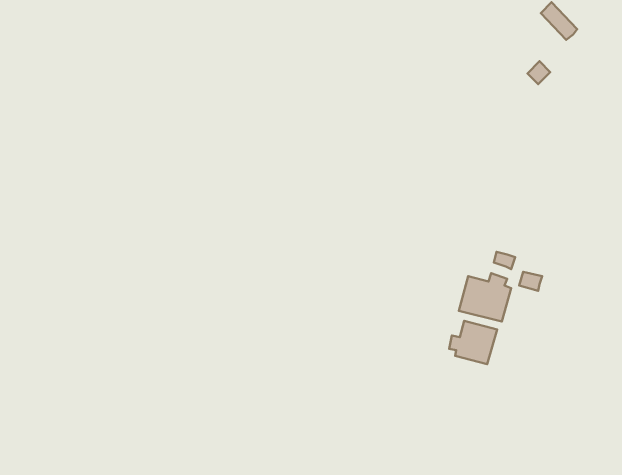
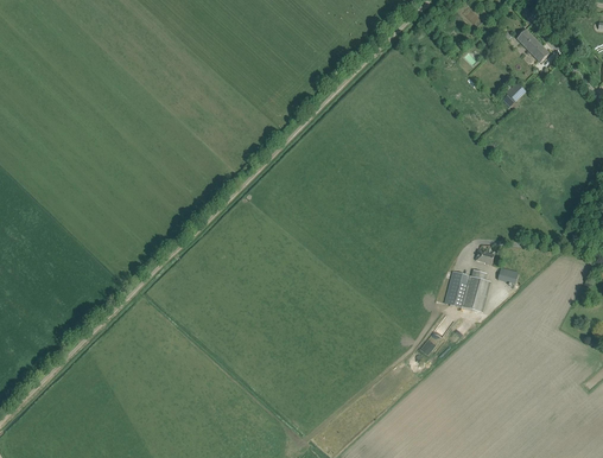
building: [449,321,497,364] -> none

